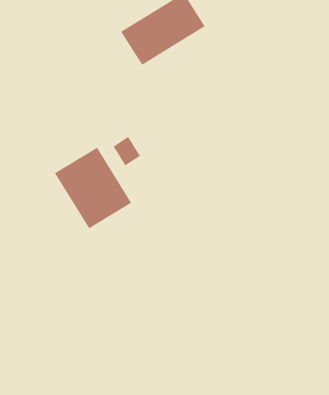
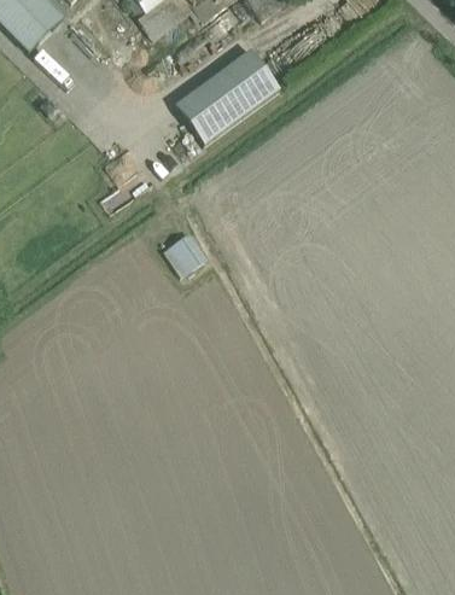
building: [54,147,132,229] -> none

